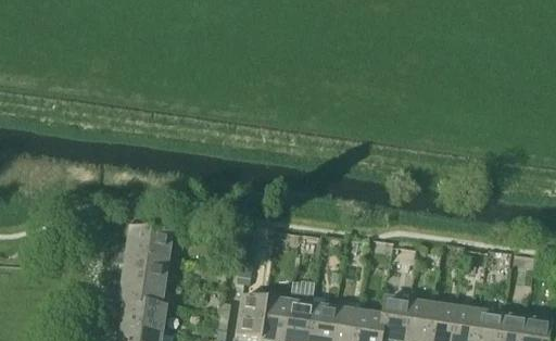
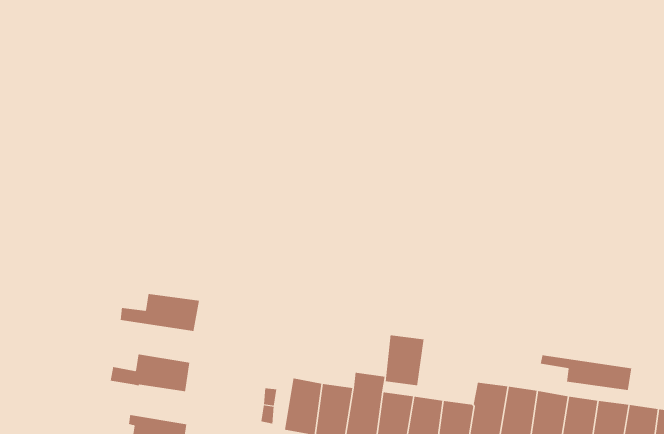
building: [109,249,168,281] -> none
building: none -> [385,334,424,386]
building: none -> [540,354,632,391]
building: [118,299,166,329] -> none

